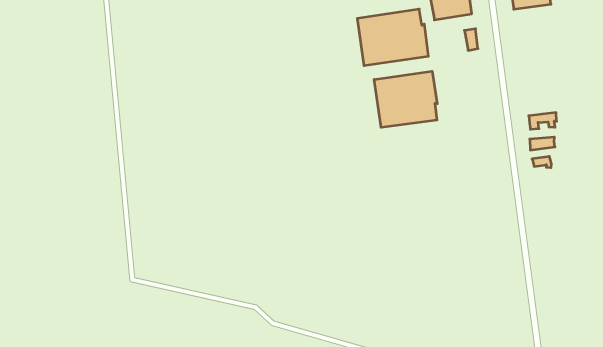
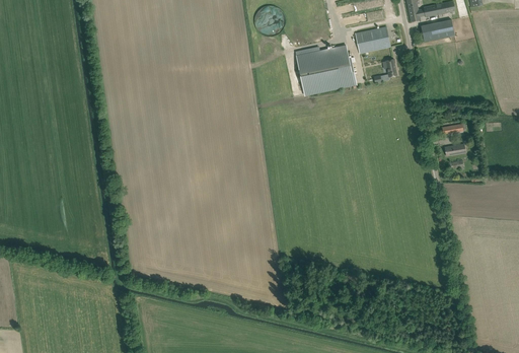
building: [374,71,437,127] -> none

